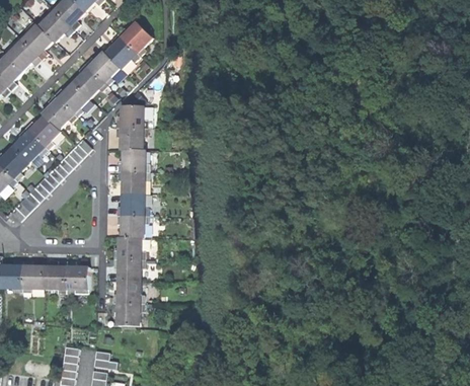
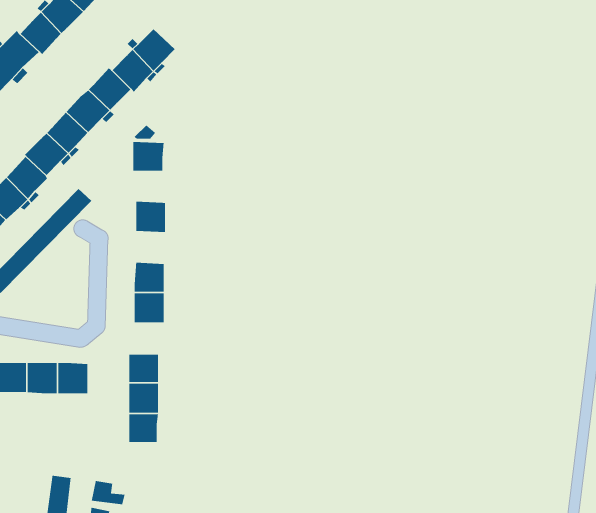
building: [121,127,143,149] -> none
building: [123,170,145,194] -> none
building: [118,237,140,259] -> none

